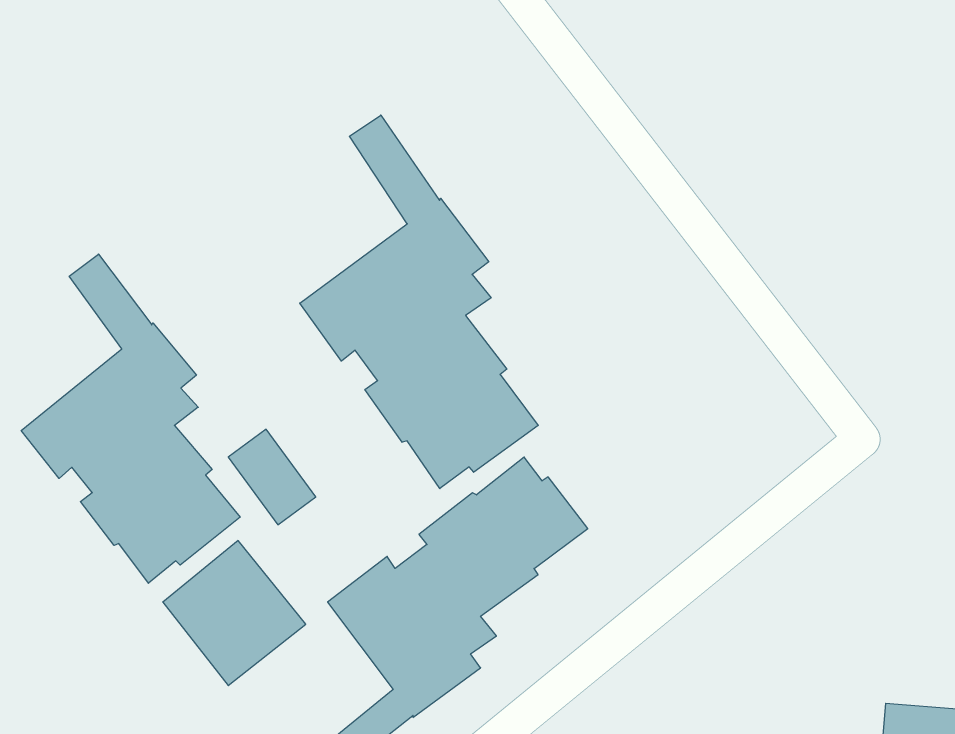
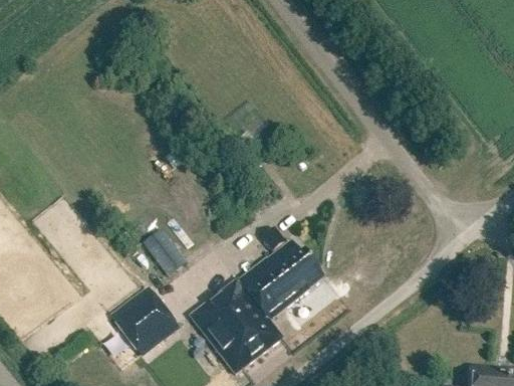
building: [300,115,538,489] -> none
building: [21,254,240,583] -> none

